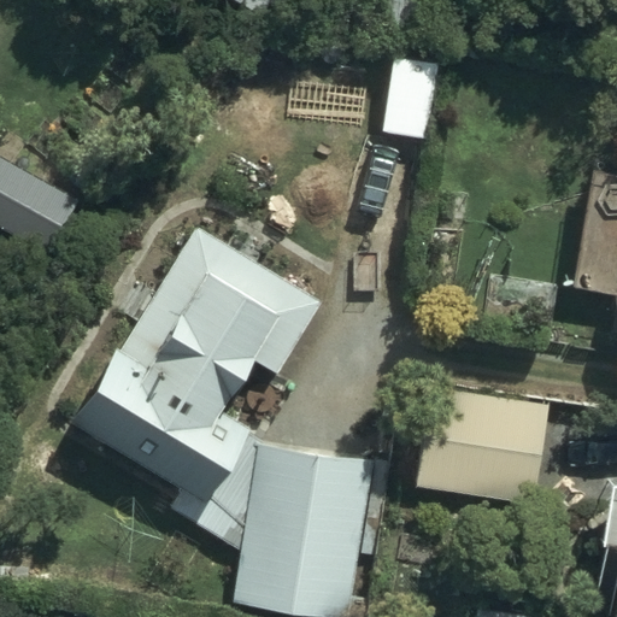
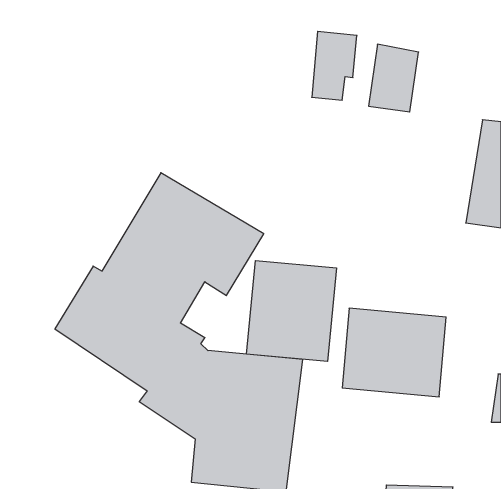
building: none -> [247,261,336,361]

